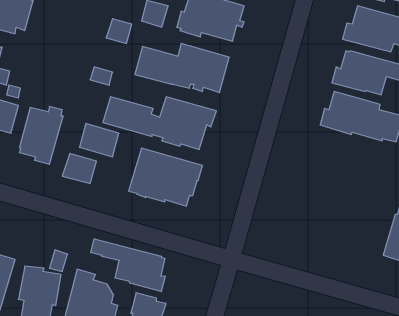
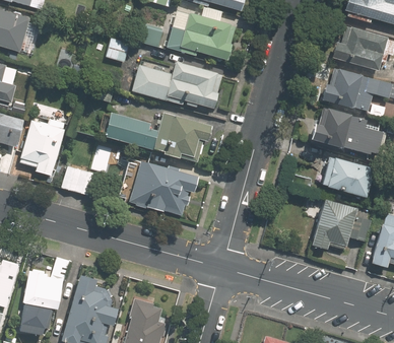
building: none -> [319,155,372,197]
building: none -> [309,199,369,249]
building: [91,239,165,292] -> none

